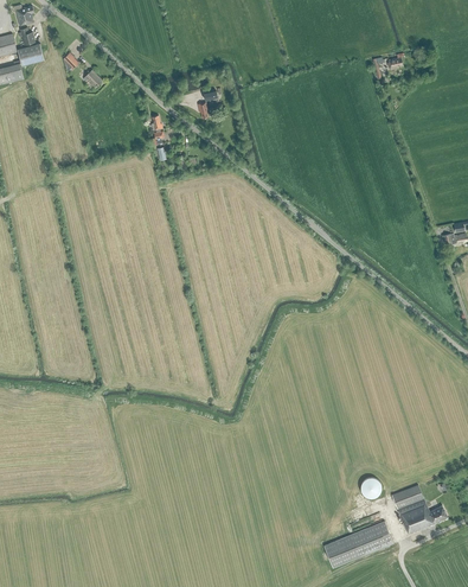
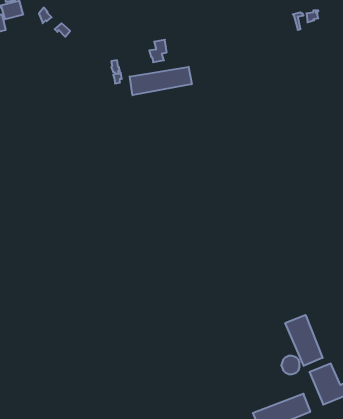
building: none -> [130,67,192,95]
building: none -> [285,315,323,366]

